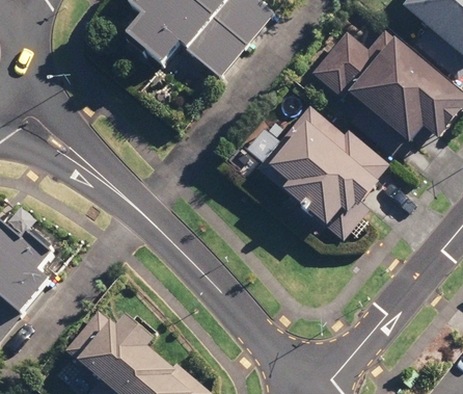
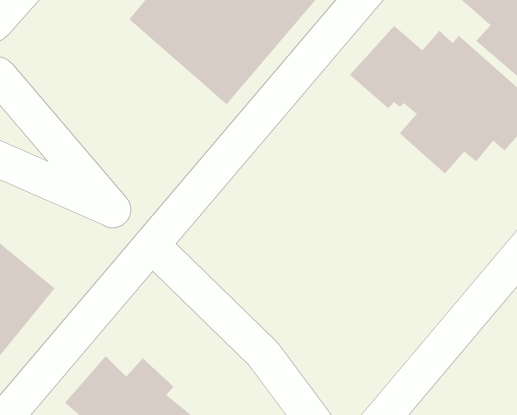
building: [239,106,386,226] -> none

